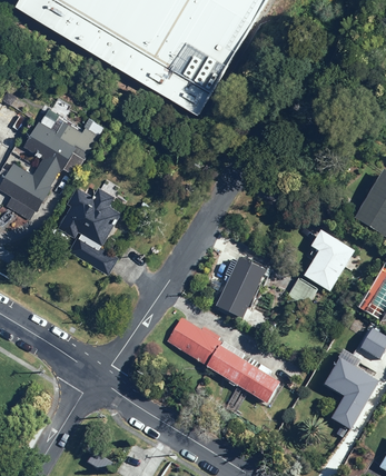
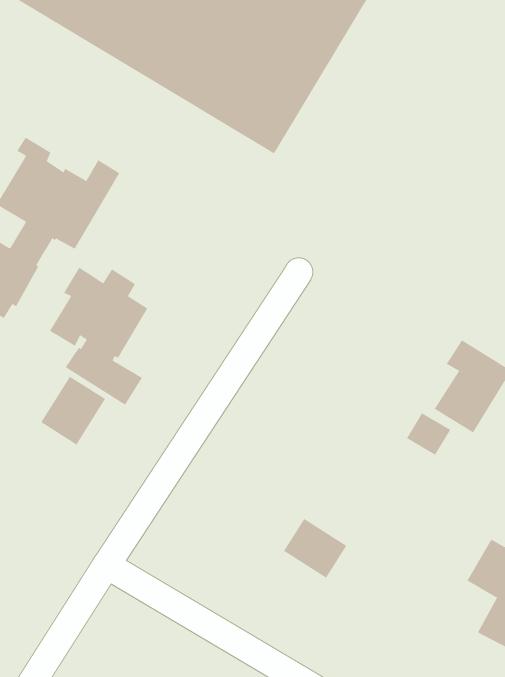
building: none -> [40,376,106,445]
building: [215,256,266,319] -> none
building: [166,317,222,367] -> none
building: [235,364,280,405] -> none

